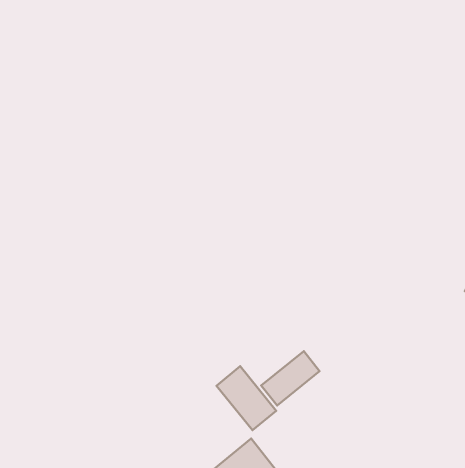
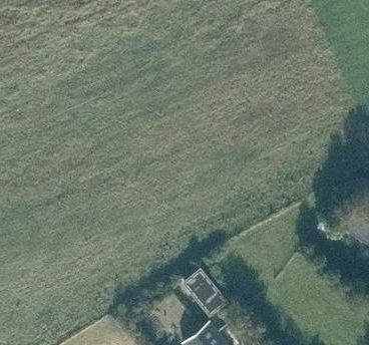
building: [261,351,320,406] -> none

